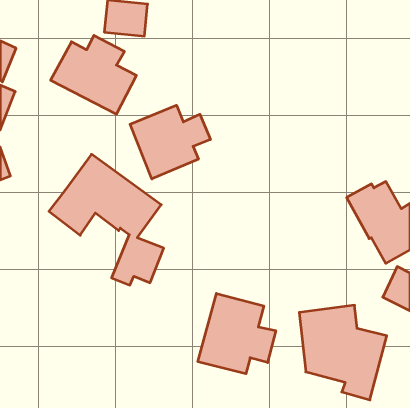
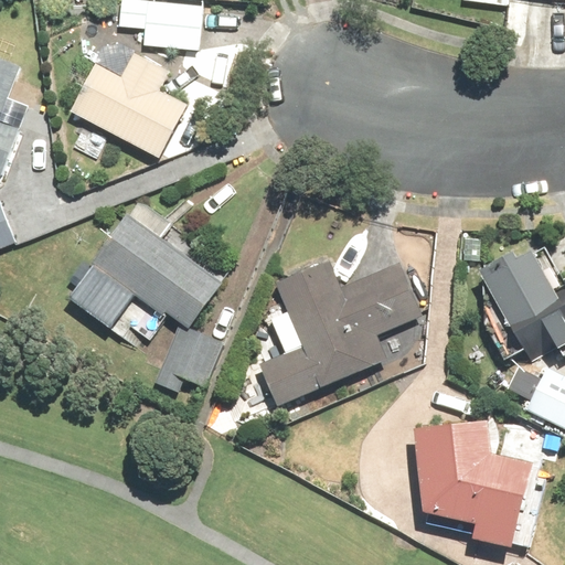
building: [130,105,210,179] -> none
building: none -> [257,258,424,405]
building: [198,293,276,374] -> none

